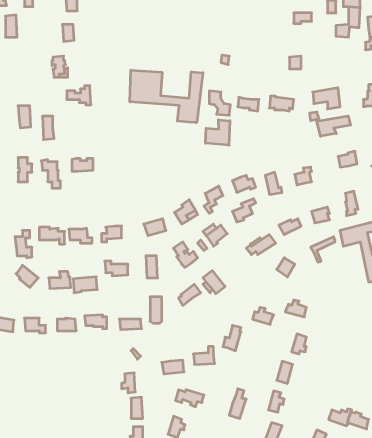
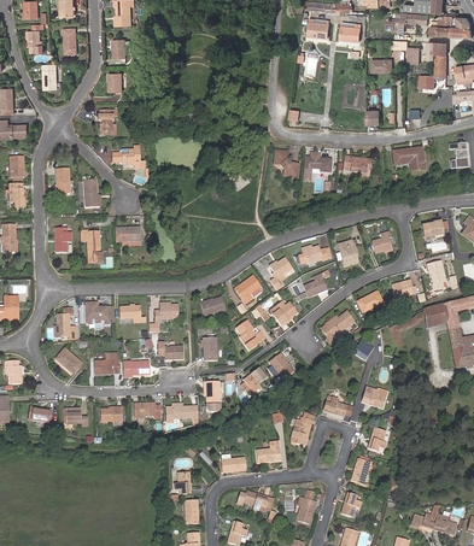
building: [130,70,203,123] -> none
building: [317,116,351,136] -> none
building: [206,120,230,145] -> none

